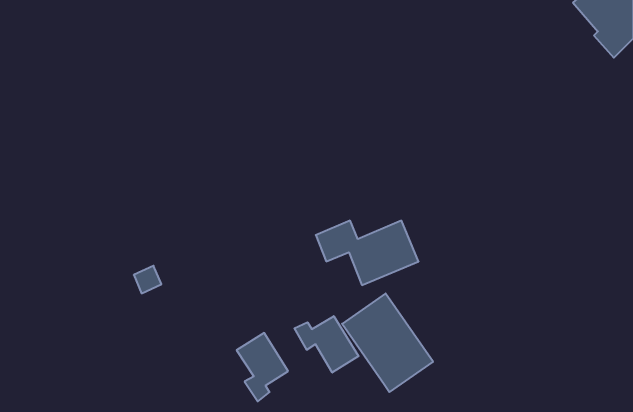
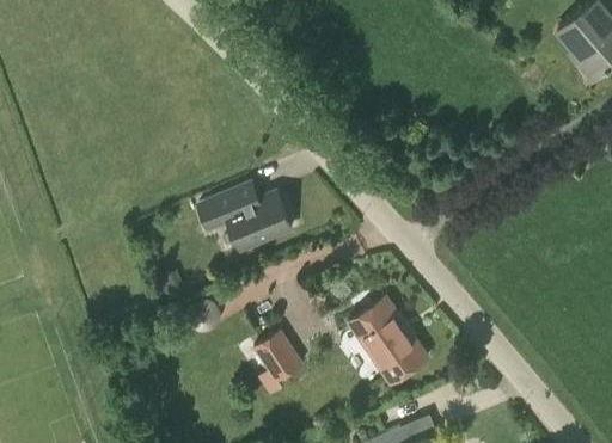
building: [316,221,419,285] -> [198,192,292,251]
building: [294,316,359,373] -> none

